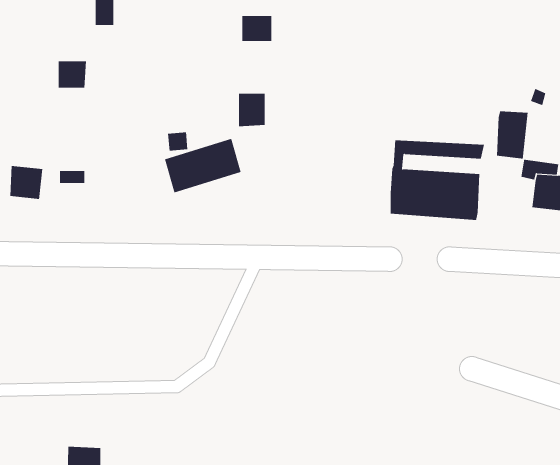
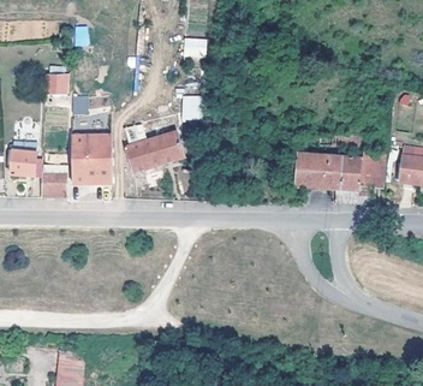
building: [496,111,528,159] -> [361,152,385,188]
building: none -> [72,111,113,183]
building: none -> [41,173,67,196]

